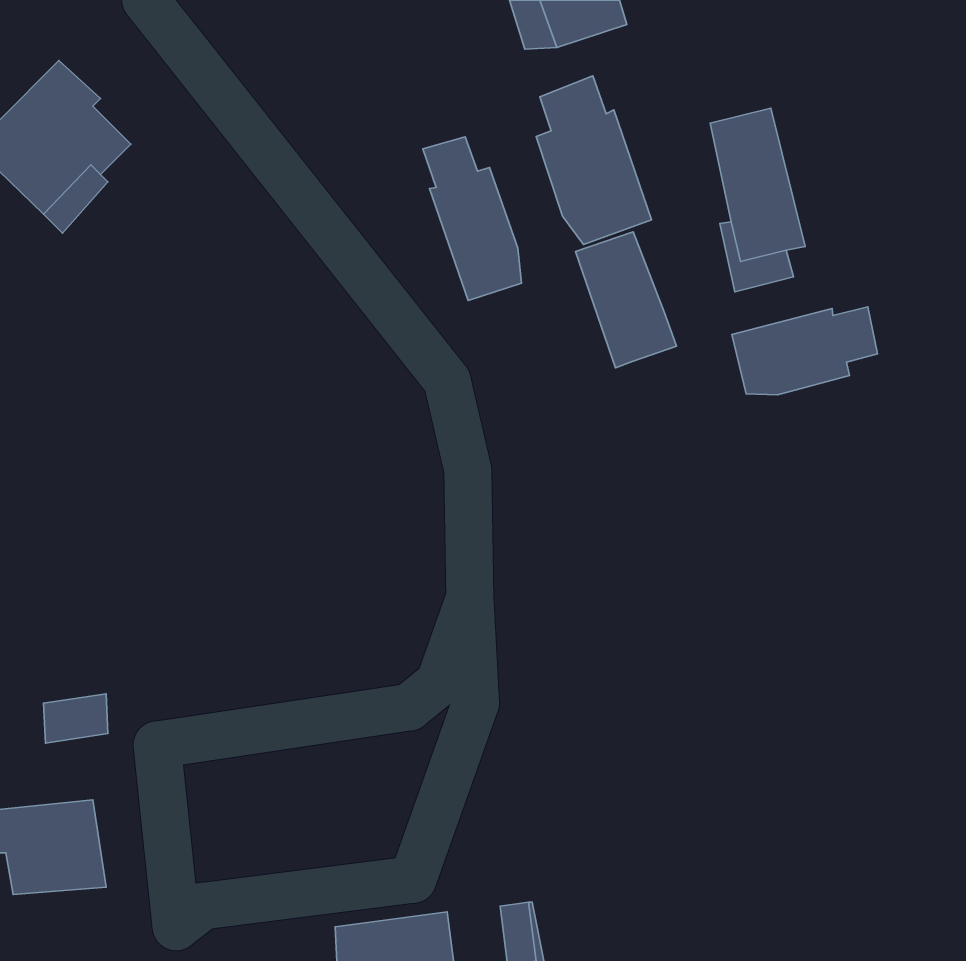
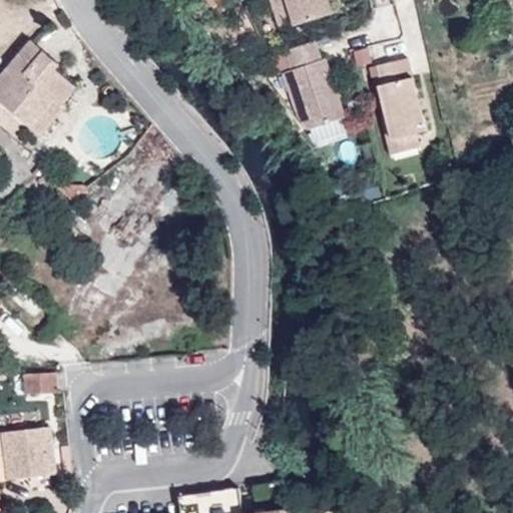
building: [423,137,521,300] -> none
building: [575,232,676,368] -> none
building: [732,307,878,395] -> none

